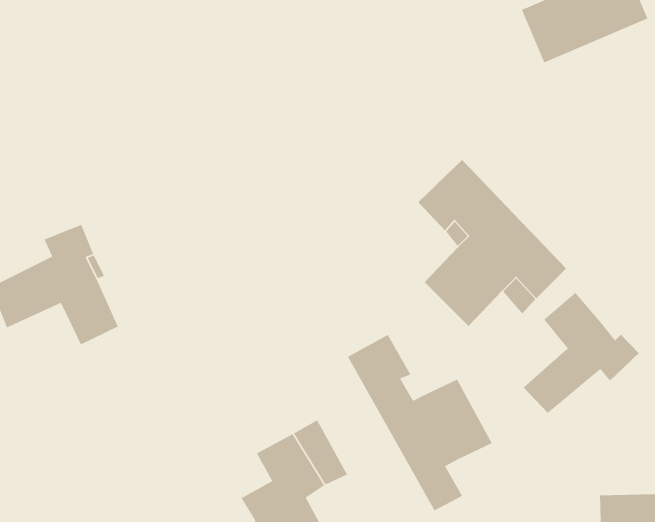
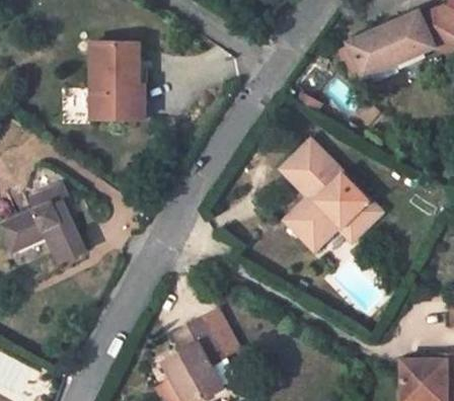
building: none -> [96,43,144,123]
building: [523,292,640,414] -> none
building: [347,334,493,511] -> none

